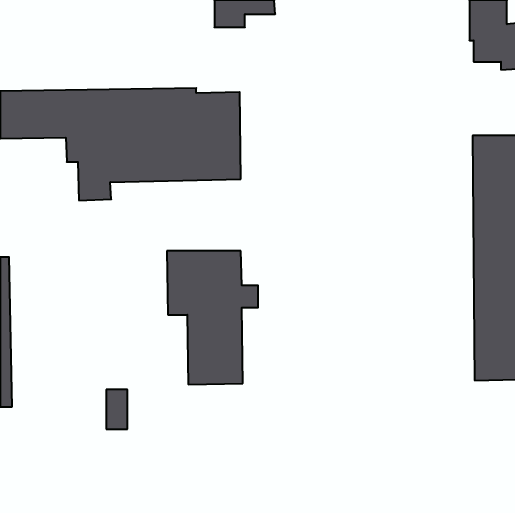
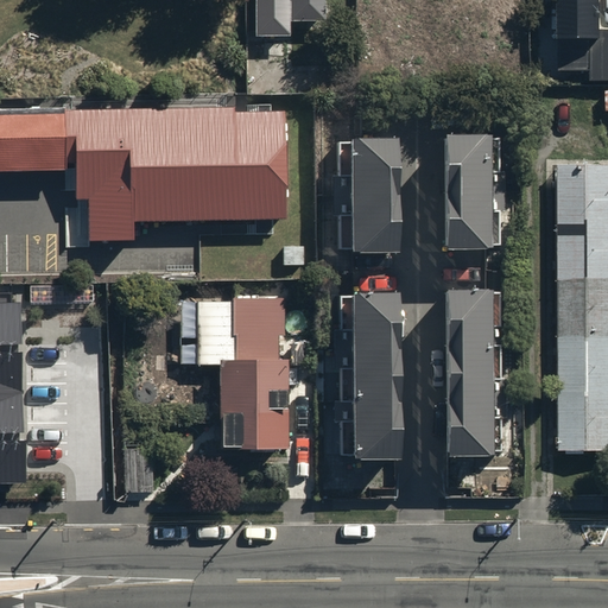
building: none -> [437,131,501,252]
building: none -> [344,133,394,252]
building: none -> [347,289,392,455]
building: none -> [438,290,500,454]

